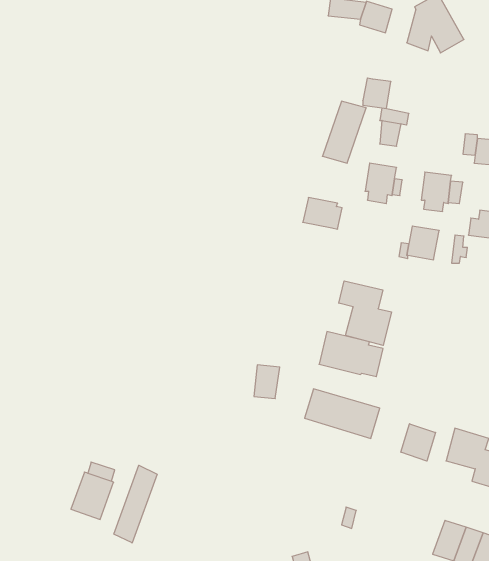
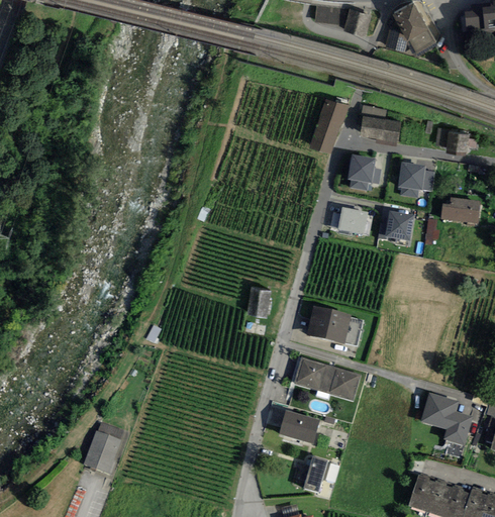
building: [363,78,391,108] -> [376,118,401,145]
building: [303,198,342,229] -> [337,206,373,234]
building: [339,281,391,345] -> none
building: [254,365,280,399] -> [247,288,271,318]
building: [401,424,436,461] -> none
building: none -> [278,409,320,443]
building: [114,465,157,543] -> none
building: none -> [303,455,328,493]

